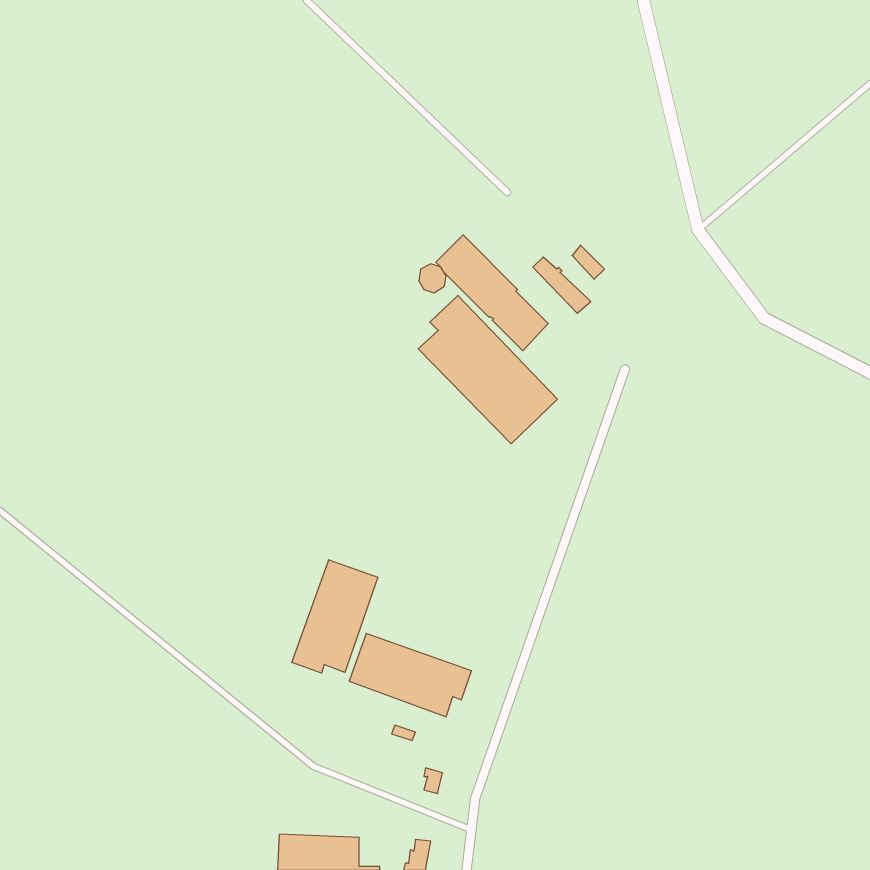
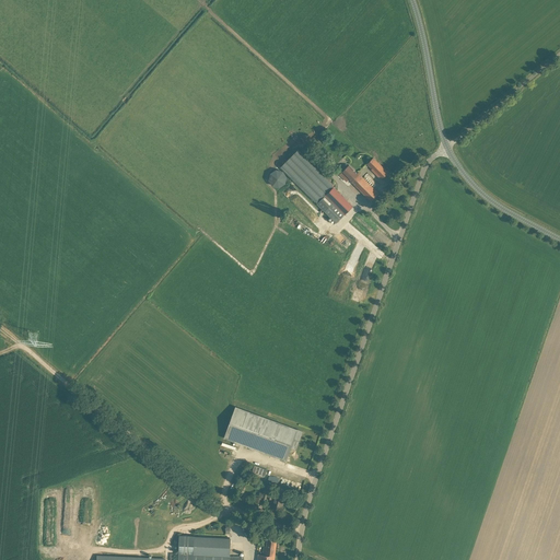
building: [418,295,557,444] -> none
building: [292,560,378,673] -> none

